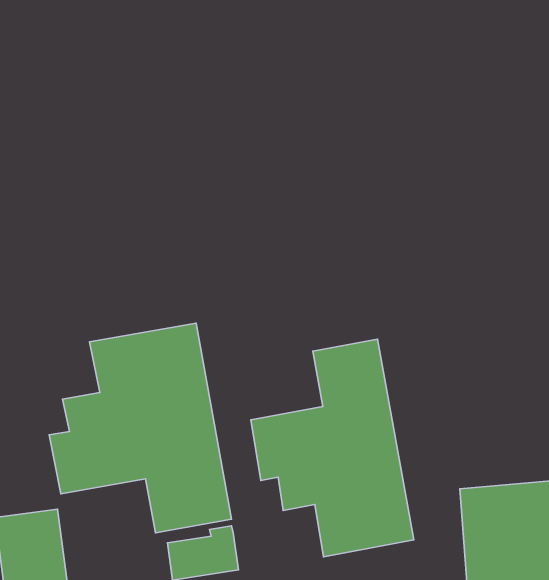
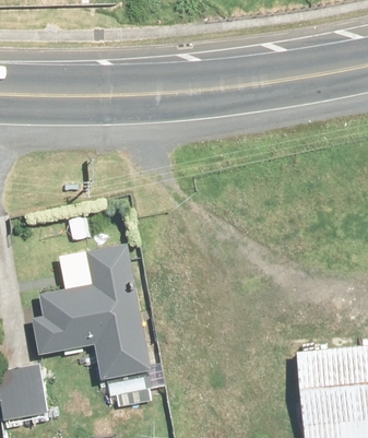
building: [251,339,414,557] -> none

